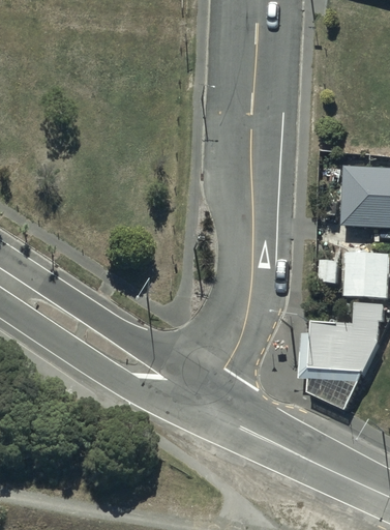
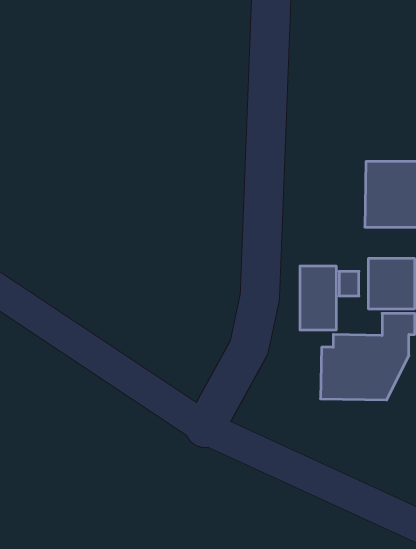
building: none -> [300,266,336,330]

